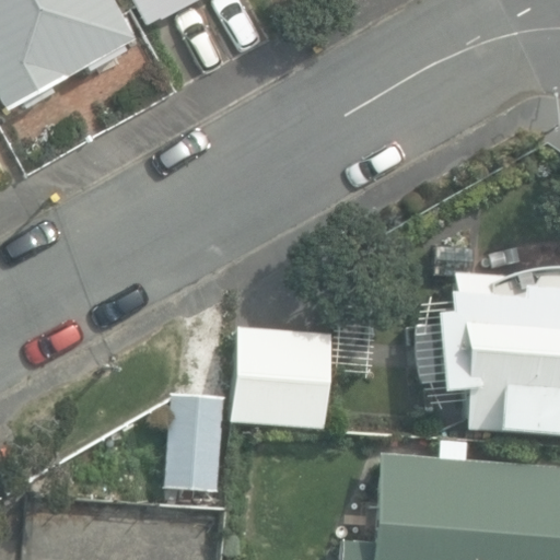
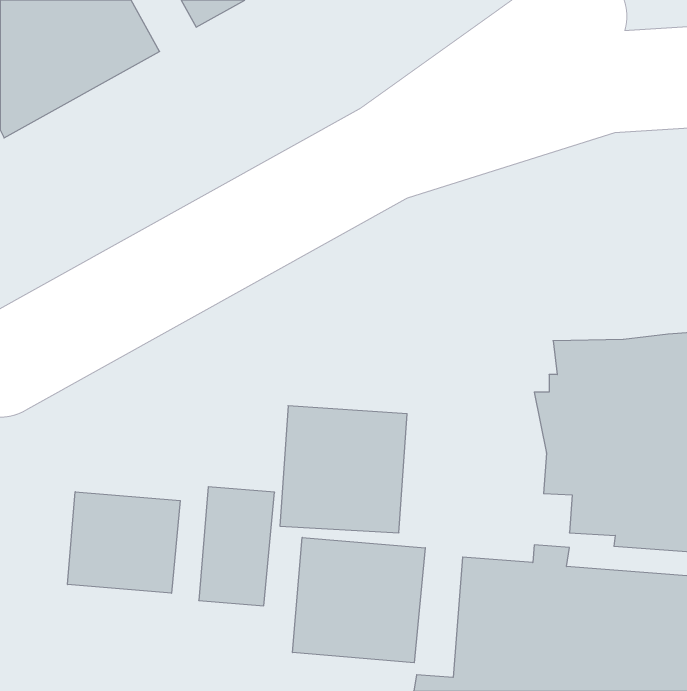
building: none -> [68,492,180,593]
building: none -> [293,537,425,663]

